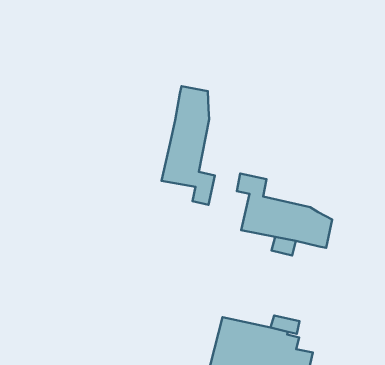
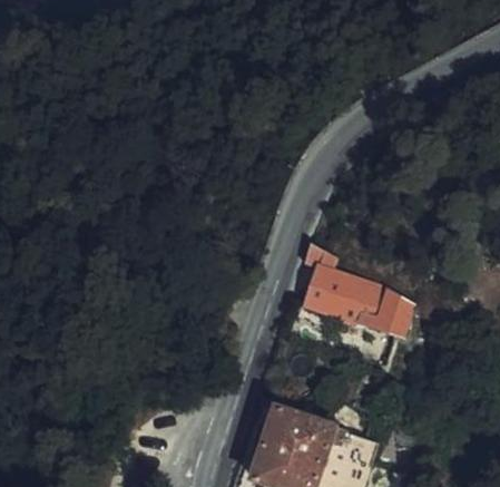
building: [162,86,215,205] -> none

